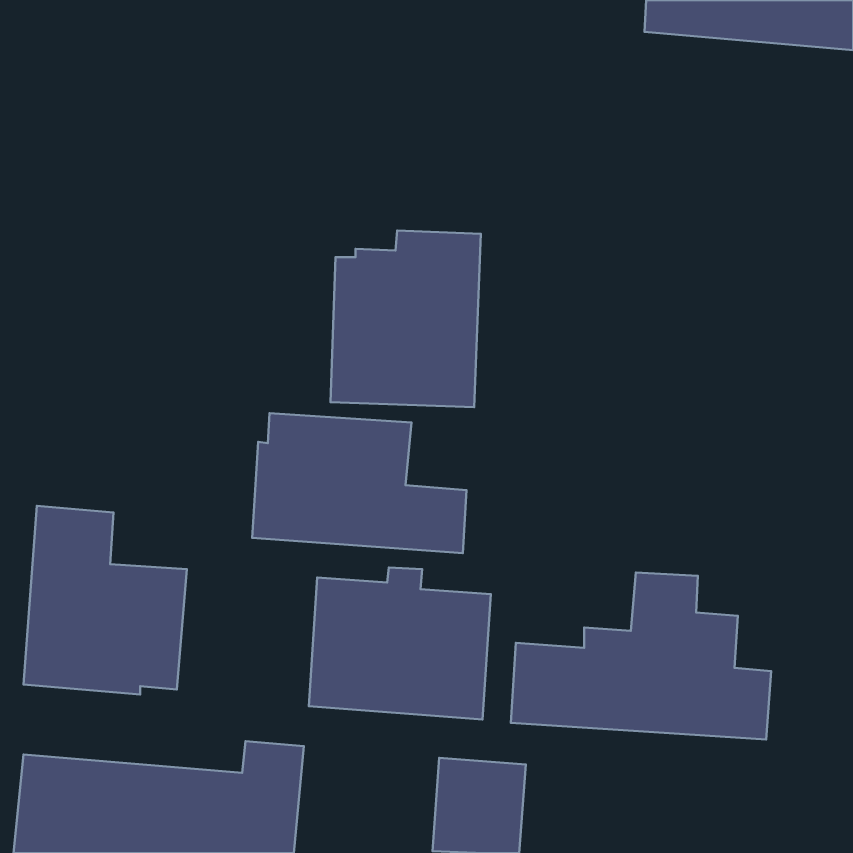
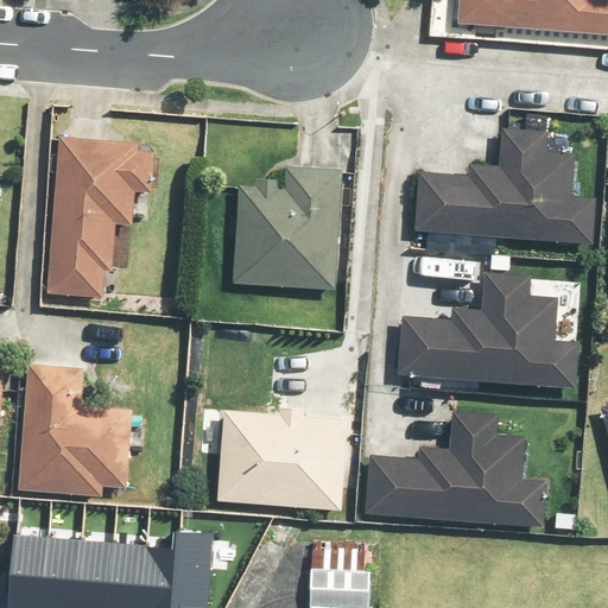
building: none -> [413,127,596,242]
building: none -> [46,137,154,294]
building: none -> [400,272,576,385]
building: [252,413,467,553] -> none

